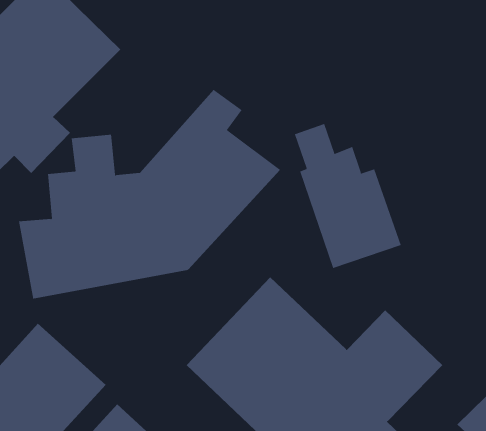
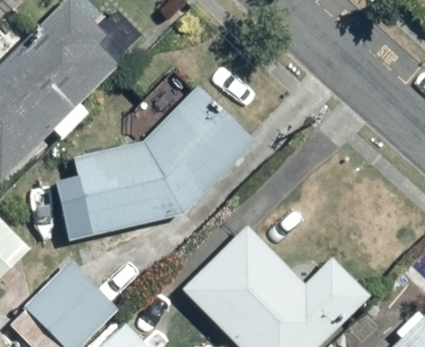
building: [294,123,402,269] -> none

